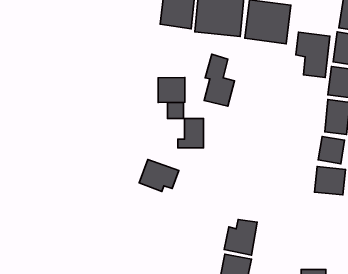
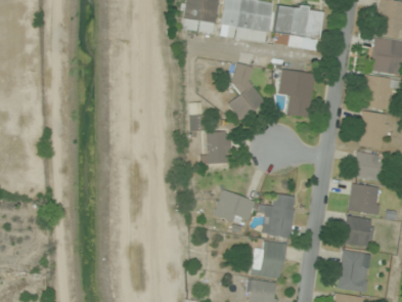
building: [296,32,330,78] -> [278,68,315,117]
building: [158,78,185,102] -> none
building: [139,159,179,191] -> [212,188,255,223]
building: none -> [259,193,296,238]
building: none -> [344,216,373,246]
building: none -> [338,249,368,292]

